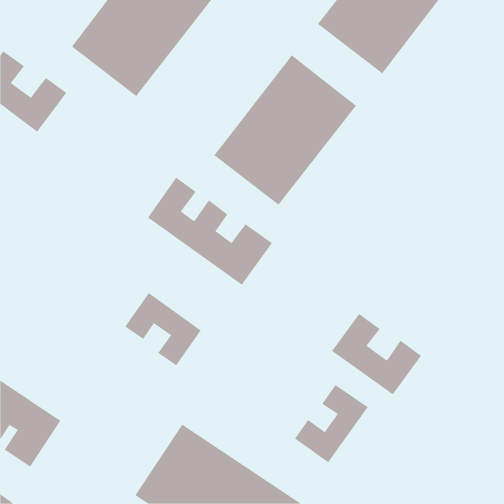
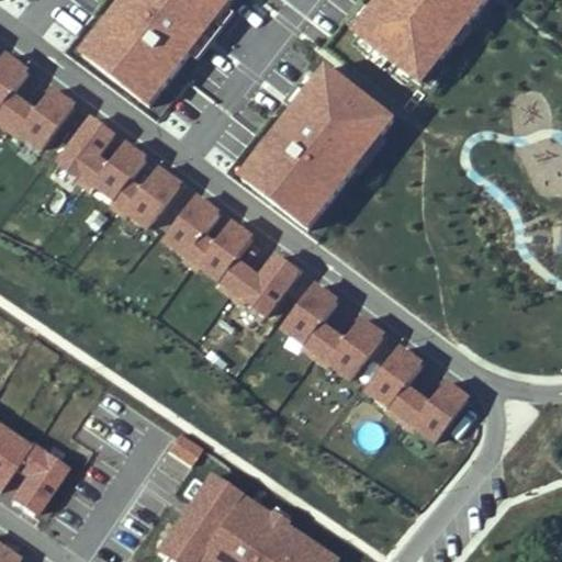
building: none -> [56,117,186,229]
building: none -> [281,286,382,378]
building: [125,292,202,366] -> none
building: [294,384,368,463] -> none

